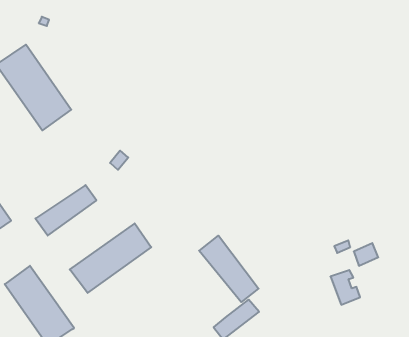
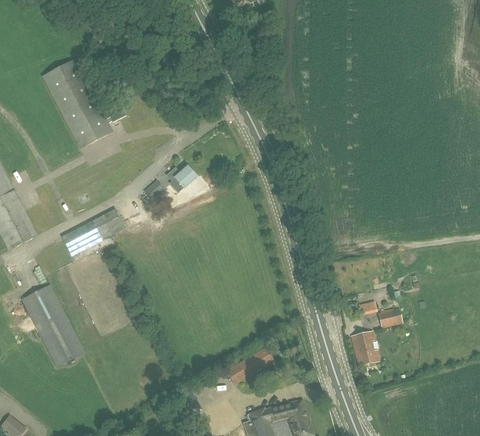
building: none -> [166,166,195,193]
building: [70,223,151,293] -> none
building: [199,236,259,302] -> none

